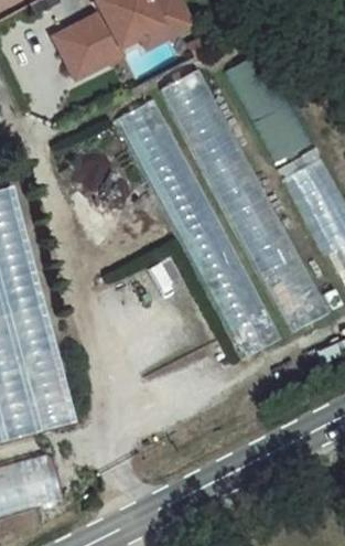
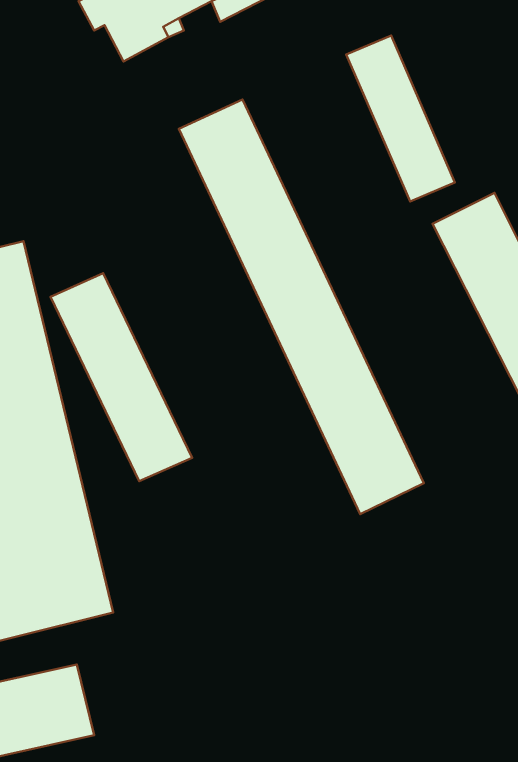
building: [160,66,320,334] -> none
building: none -> [50,273,192,481]

